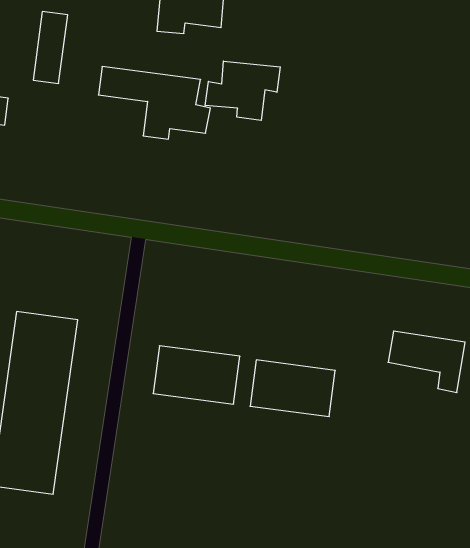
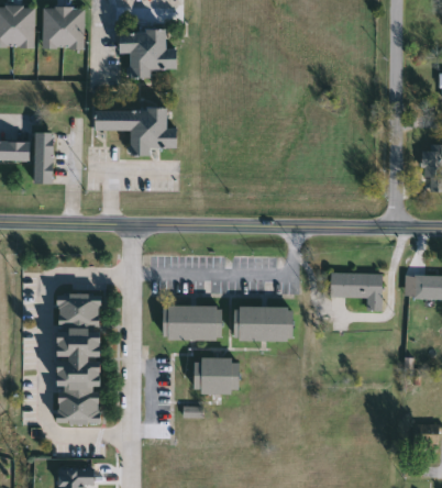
building: [33,12,68,83] -> [34,133,53,184]
building: [205,61,280,120] -> none
building: none -> [192,358,237,395]

